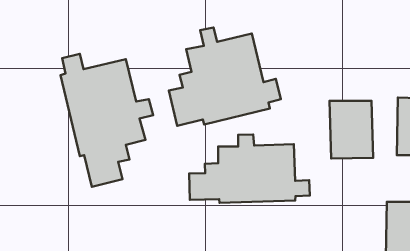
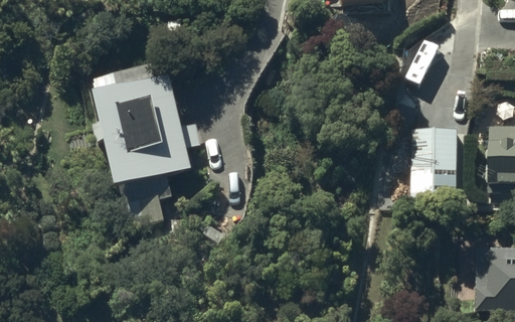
building: [169,27,281,126] -> none
building: [189,135,310,203] -> none

